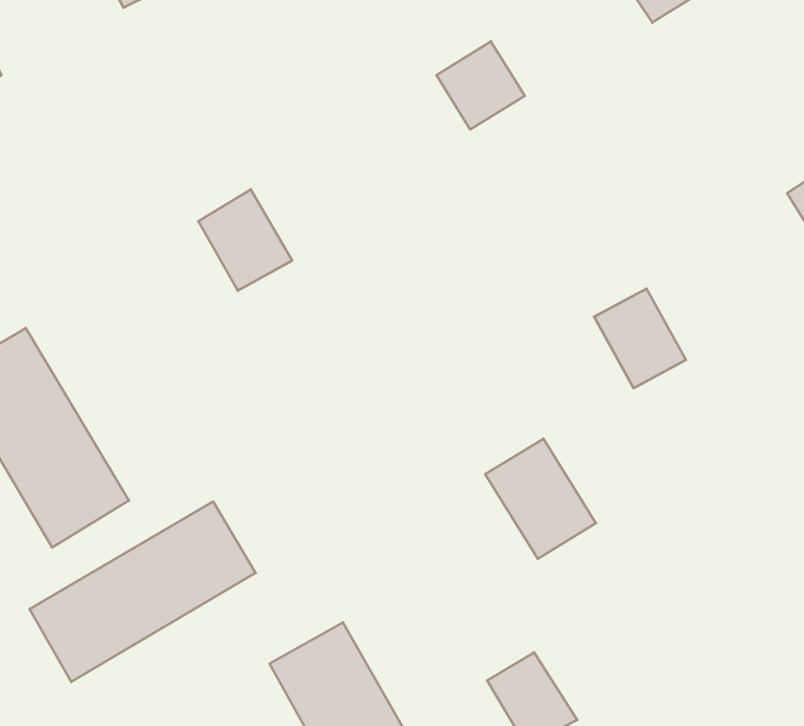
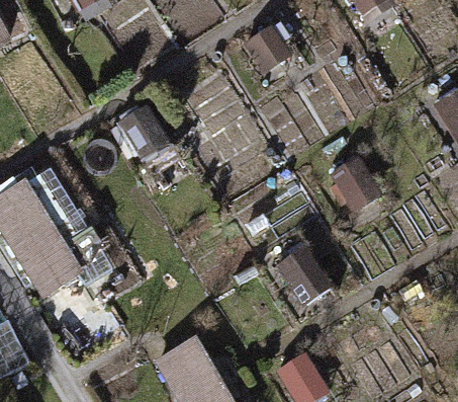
building: [30,502,256,682] -> none

